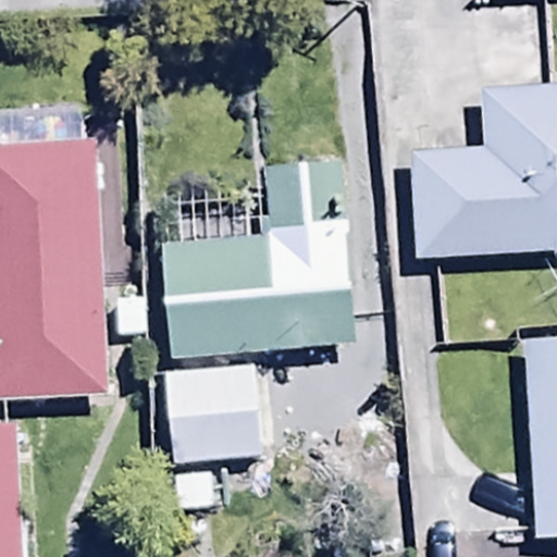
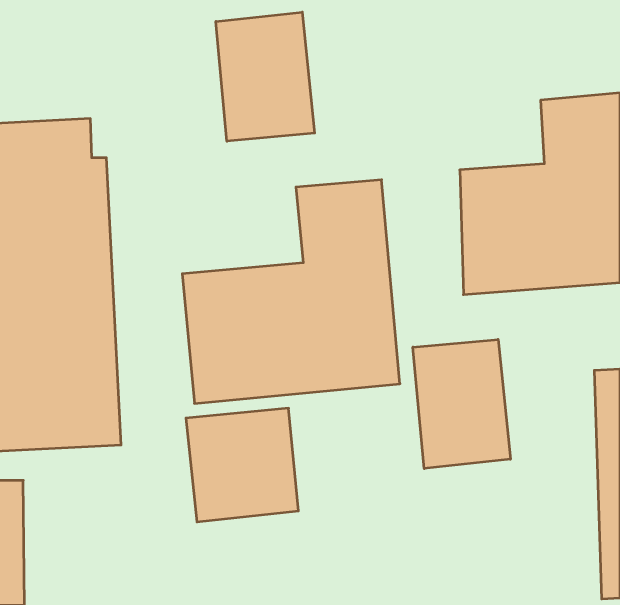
building: none -> [216,12,315,141]
building: none -> [413,339,510,469]

